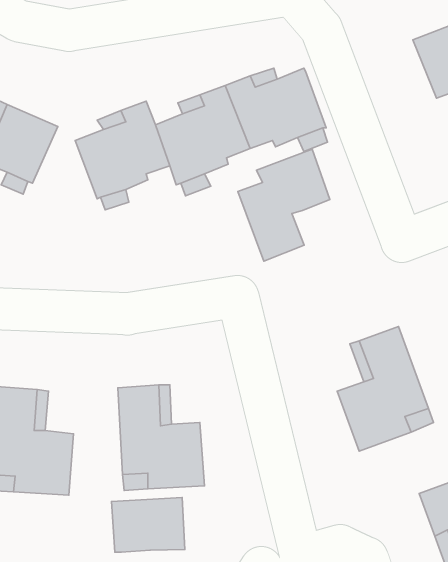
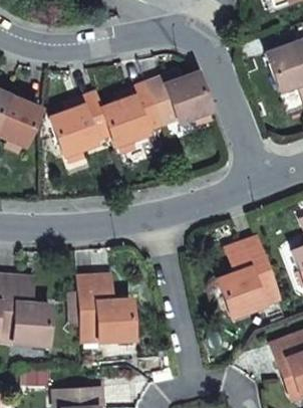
building: [238,149,330,261] -> none
building: [112,498,185,552] -> none

